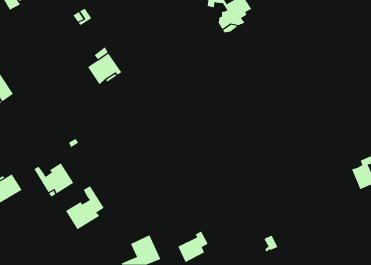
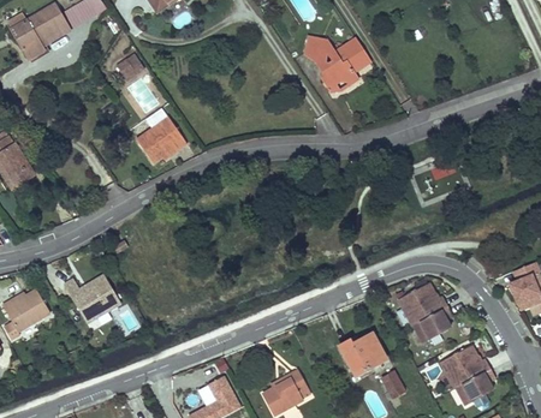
building: none -> [400,281,453,341]
building: [65,186,104,230] -> none
building: none -> [340,332,386,374]
building: none -> [441,344,495,402]

